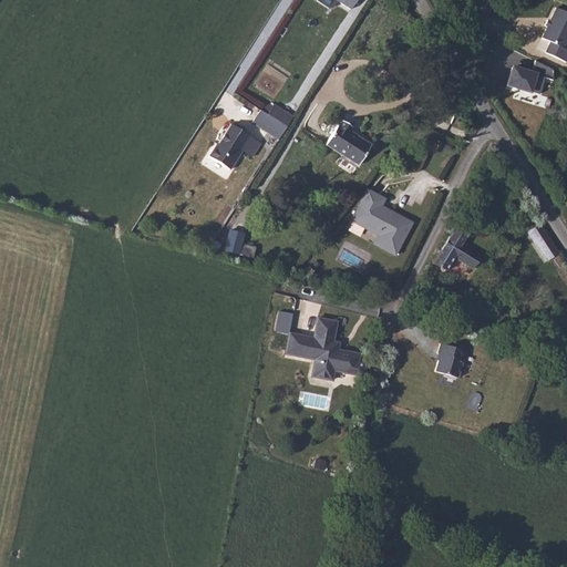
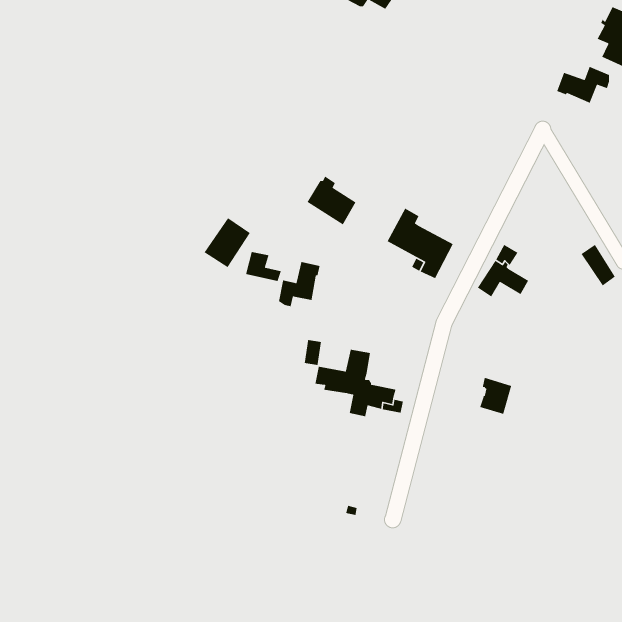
building: [254,103,295,138] -> none
building: [327,120,372,165] -> [307,175,357,225]
building: [209,123,252,169] -> [203,217,251,268]
building: none -> [278,261,320,307]

